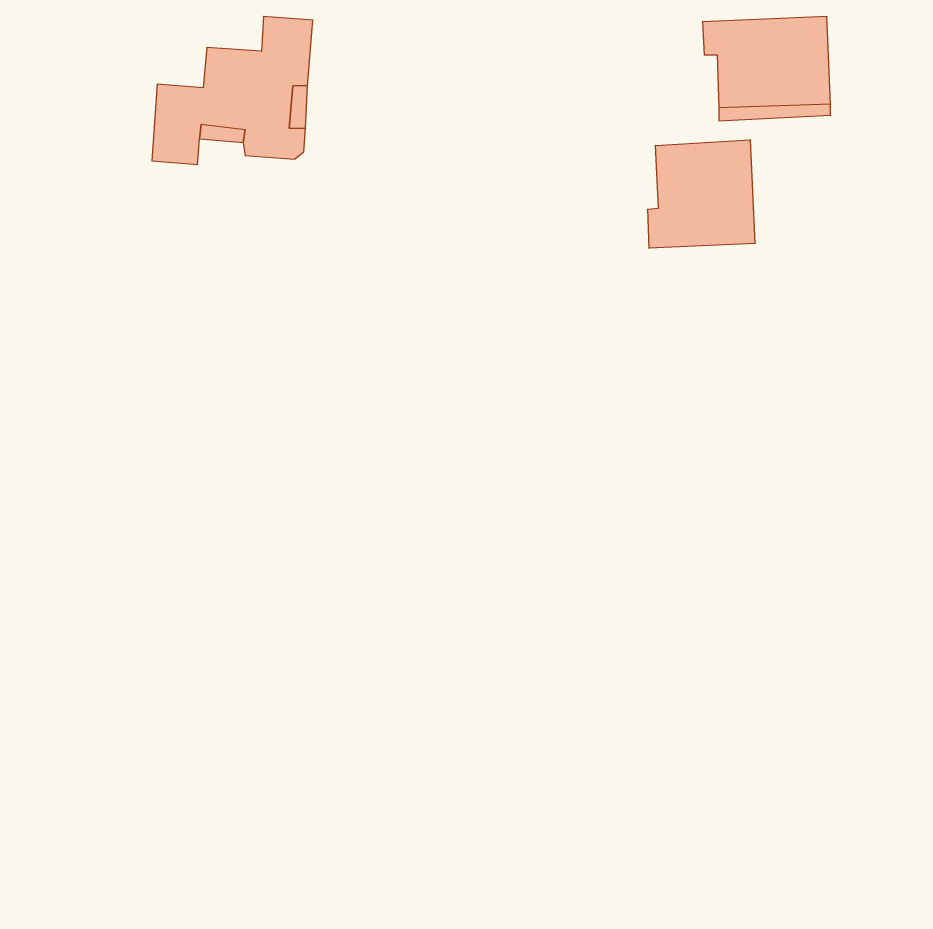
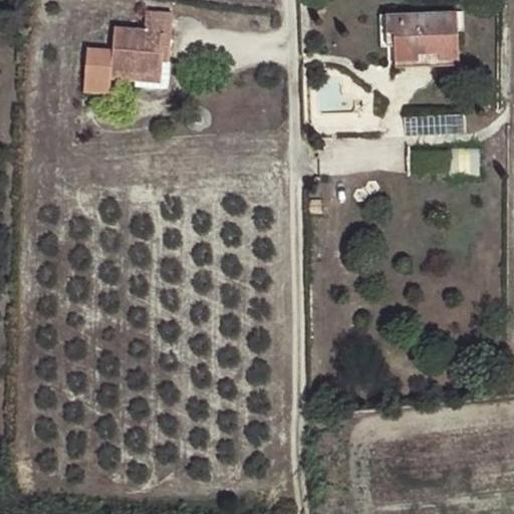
building: [648,140,755,248] -> none

